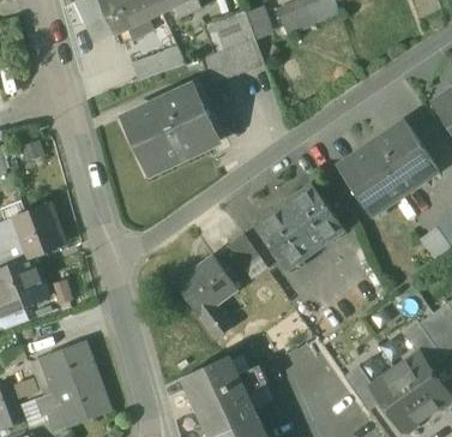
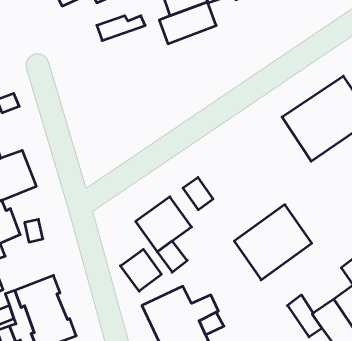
building: [121,84,221,172] -> none
building: [255,184,342,268] -> [234,205,312,280]
building: none -> [120,249,161,291]

